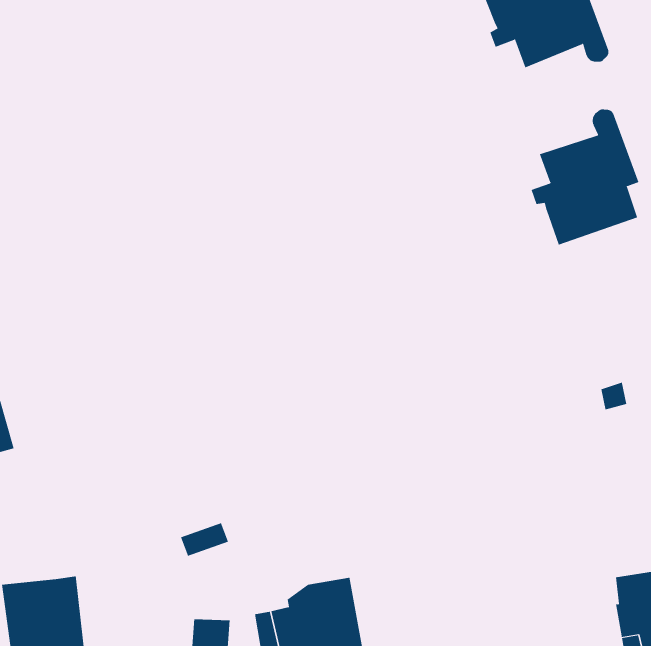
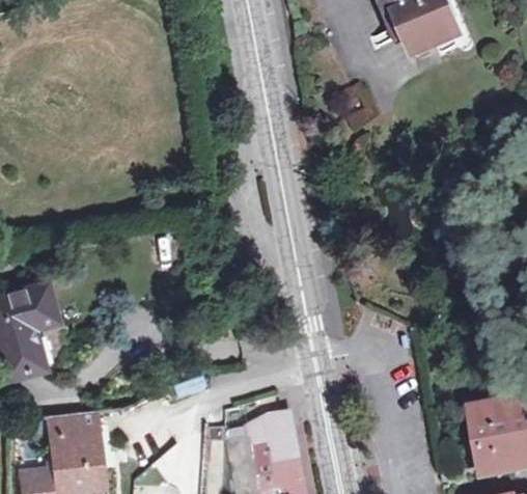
building: [531,109,639,245] -> none

